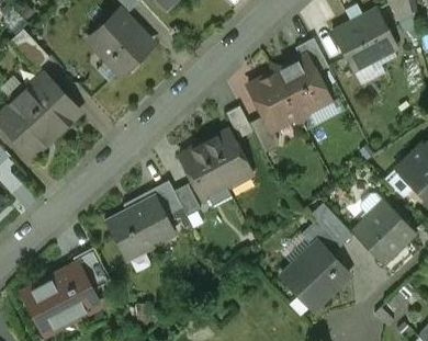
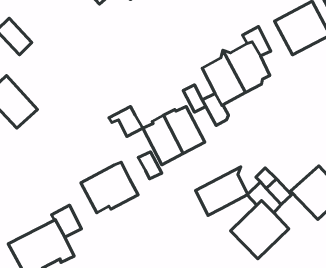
building: [88,12,151,73] -> none
building: [20,73,80,135] -> none
building: [143,181,182,216] -> [109,107,143,137]
building: none -> [195,167,248,216]

